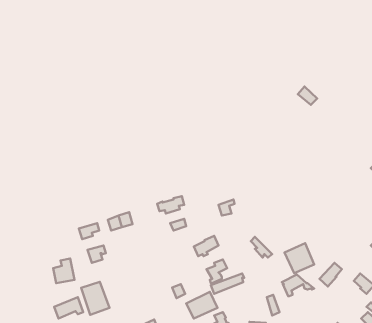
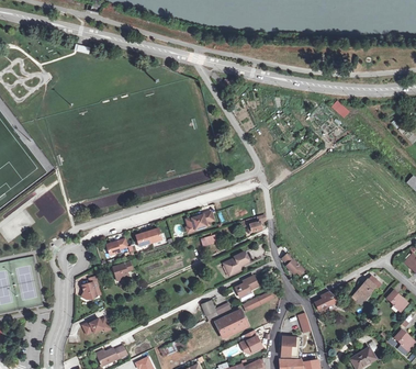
building: [284,243,314,273] -> none
building: [81,282,110,315] -> none

